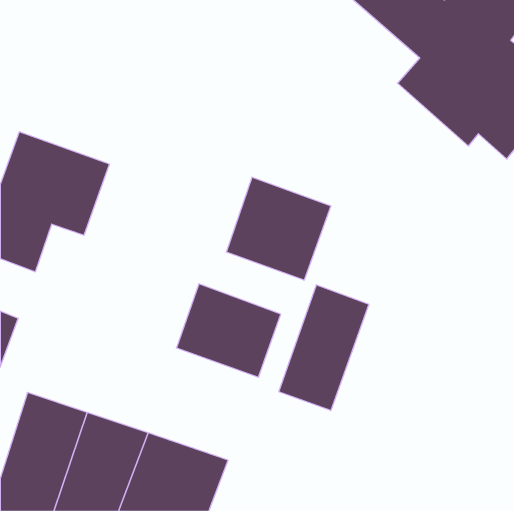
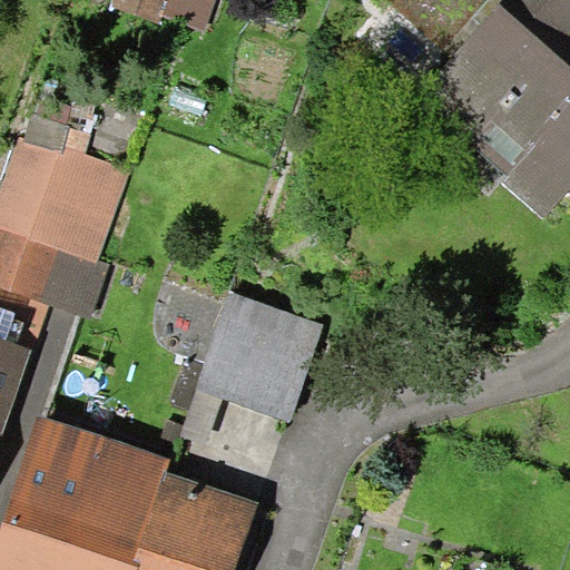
building: [226,177,331,280] -> none
building: [279,285,369,411] -> none

